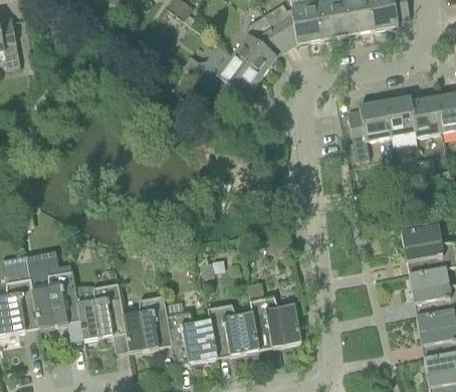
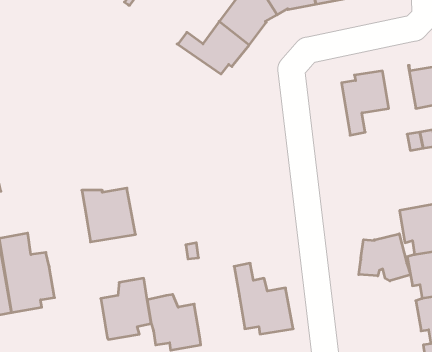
building: [385,95,416,136] -> none
building: none -> [359,234,410,281]
building: [73,281,124,332] -> [82,188,136,242]
building: [207,303,257,354] -> none

